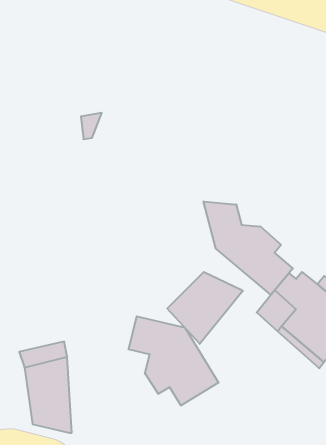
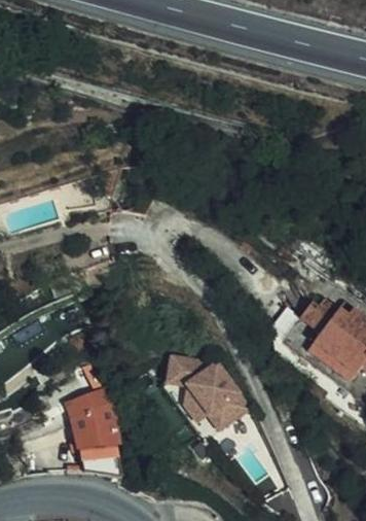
building: [204,201,293,295] -> none
building: [167,272,243,344] -> none

